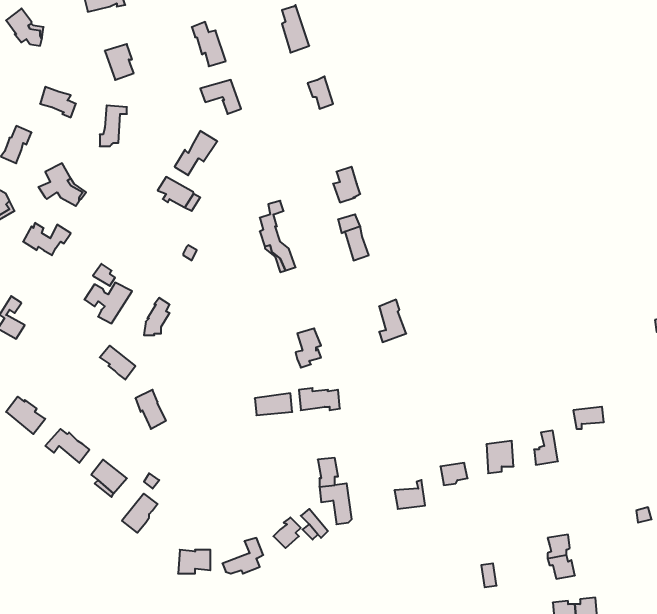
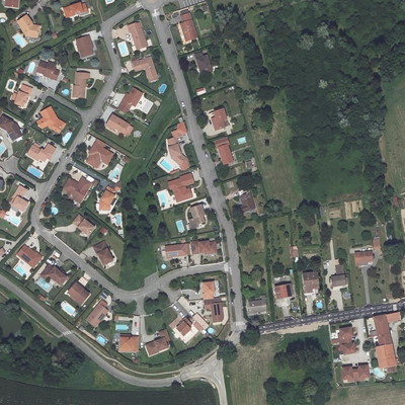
building: none -> [87,138,113,166]
building: none -> [168,173,193,199]
building: none -> [374,314,396,368]

